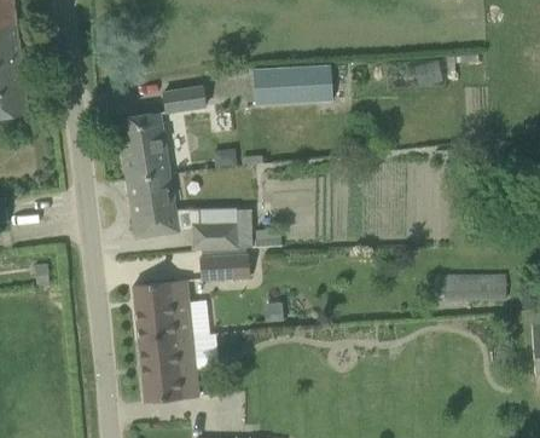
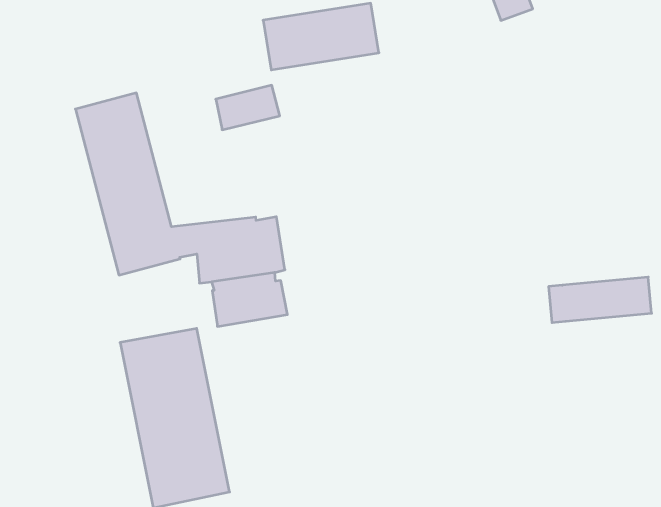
building: [162,85,205,113] -> [216,85,280,130]

